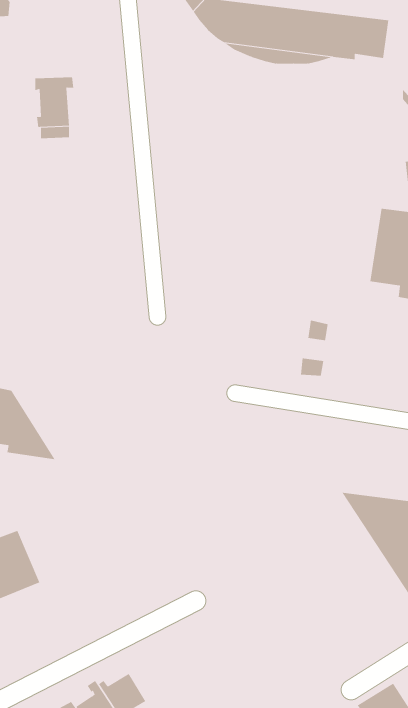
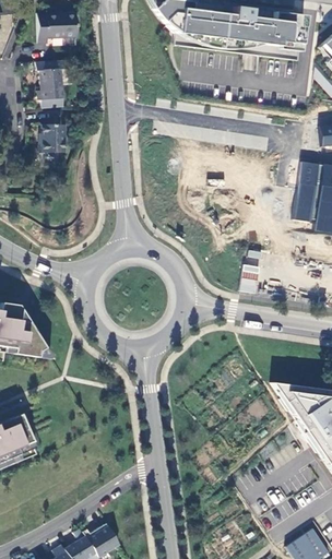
building: none -> [34,12,75,44]
building: none -> [39,123,63,152]

